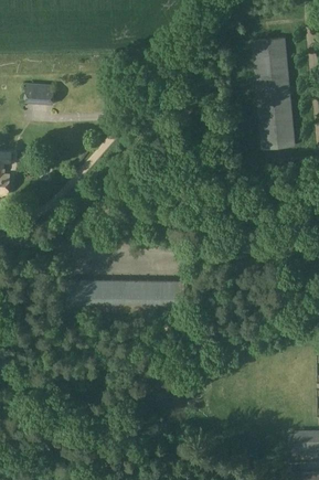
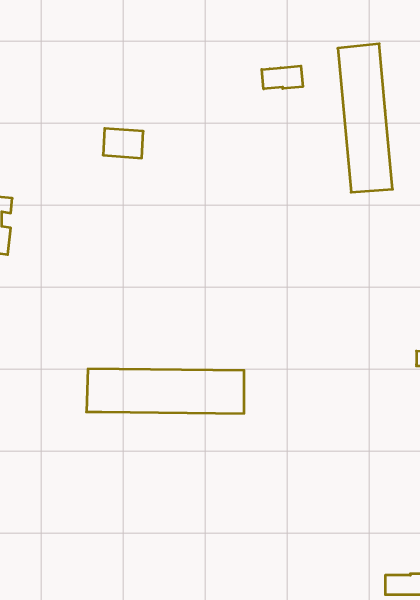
building: none -> [262,66,303,89]
building: [24,83,54,105] -> [103,128,143,158]

